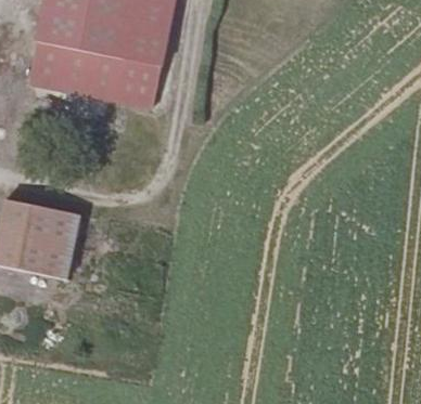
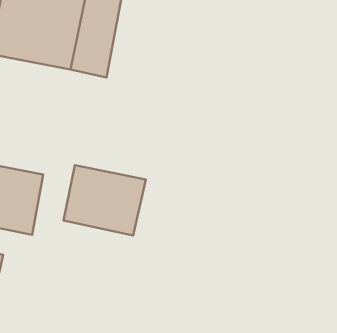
building: none -> [64,165,146,235]

